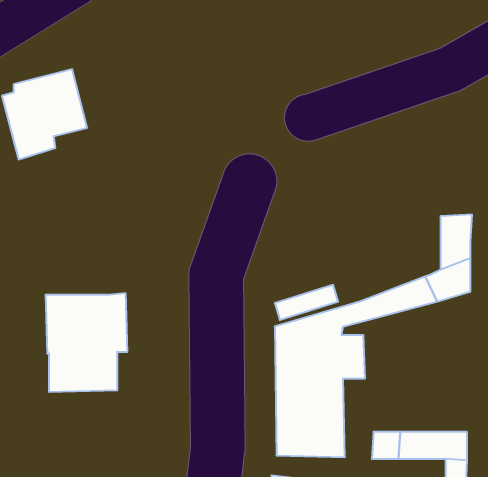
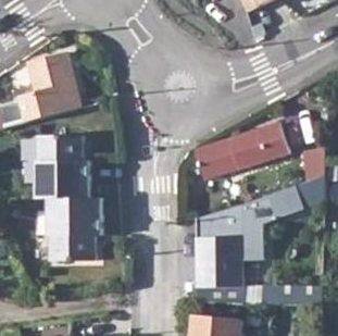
building: none -> [195,124,288,179]
building: none -> [37,136,89,199]

